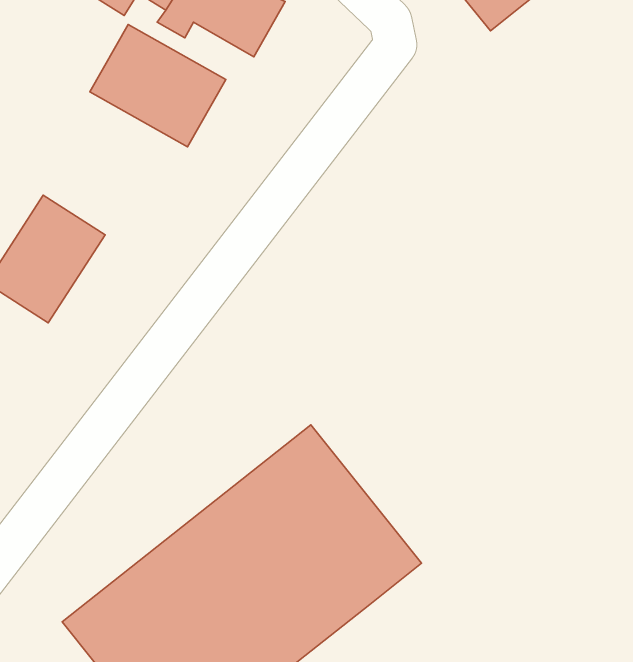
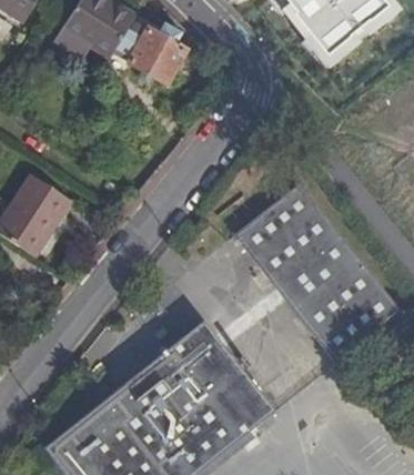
building: [90,25,226,147] -> none
building: none -> [235,183,402,363]

